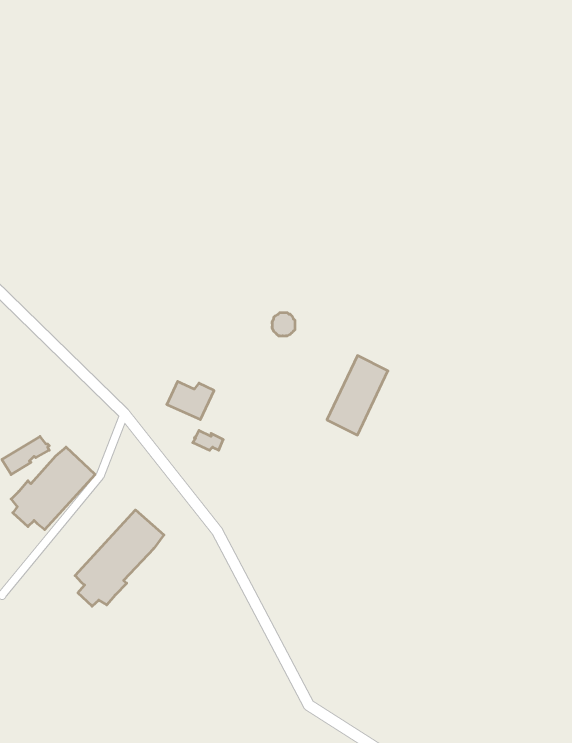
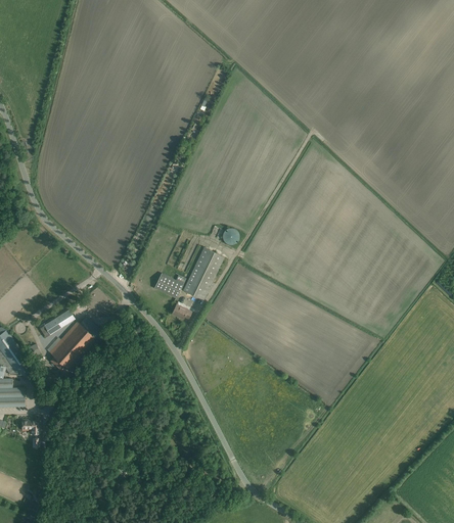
building: [327,356,388,435] -> [182,247,223,300]
building: [75,510,164,606] -> none

